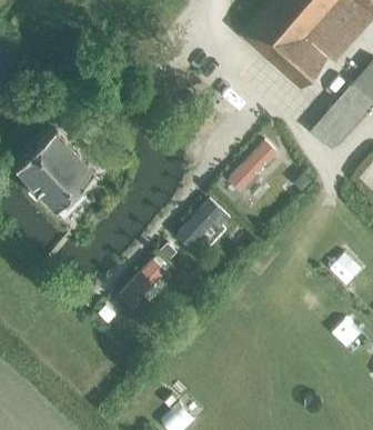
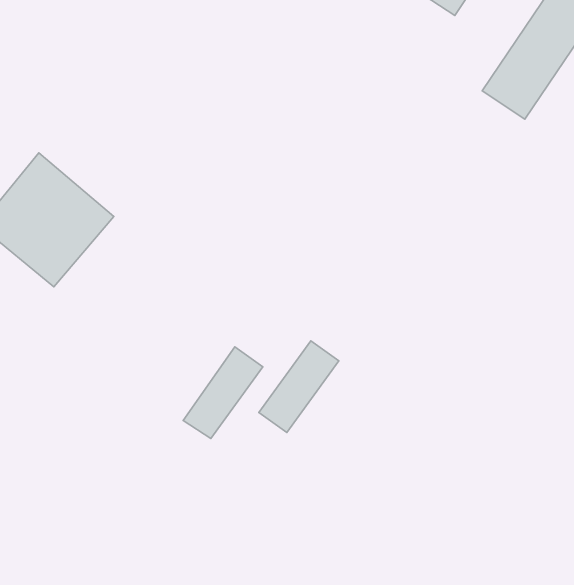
building: [230,139,280,190] -> none
building: [177,197,225,247] -> [259,341,339,432]

